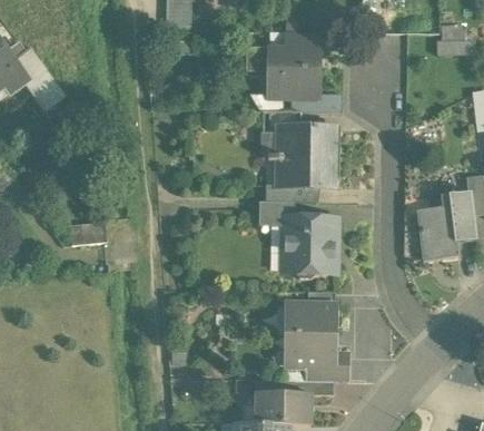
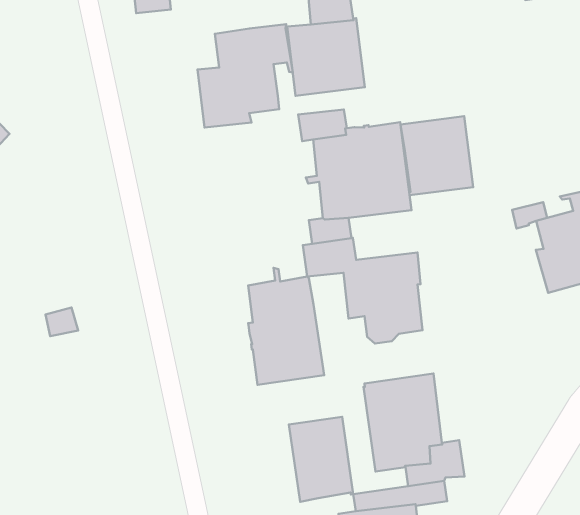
building: none -> [197,24,293,127]
building: none -> [401,116,473,195]
building: none -> [248,268,324,385]
building: none -> [289,417,353,502]

